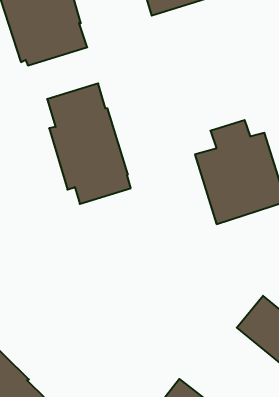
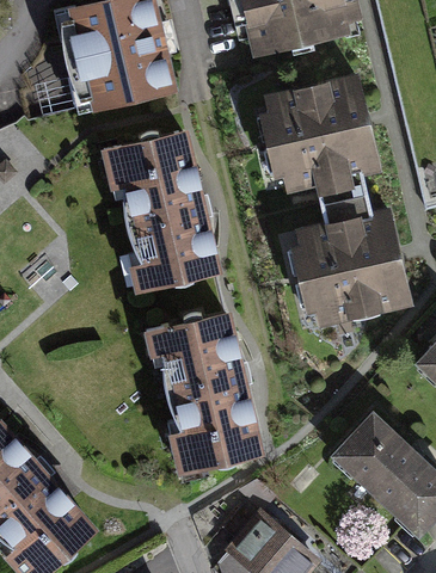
building: none -> [264,79,376,205]
building: none -> [154,318,256,467]

